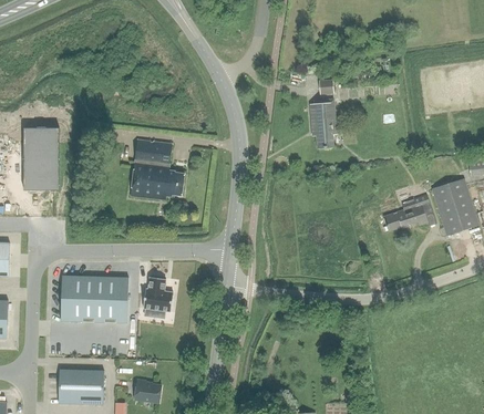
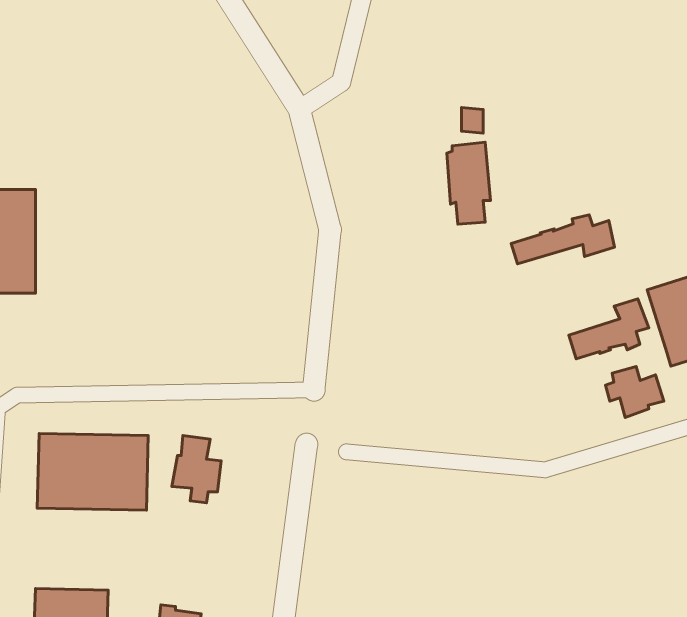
building: [130,139,183,200] -> none
building: none -> [511,215,615,264]
building: none -> [605,366,664,417]

